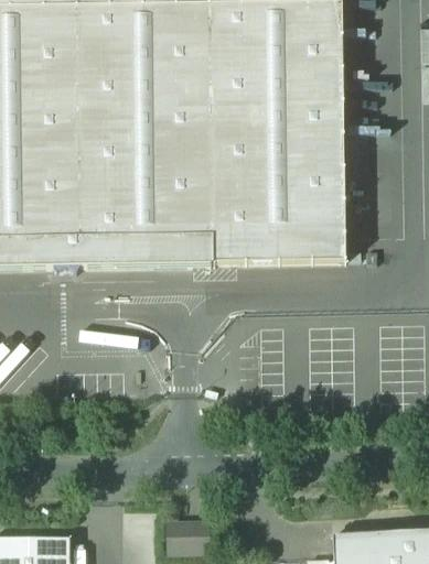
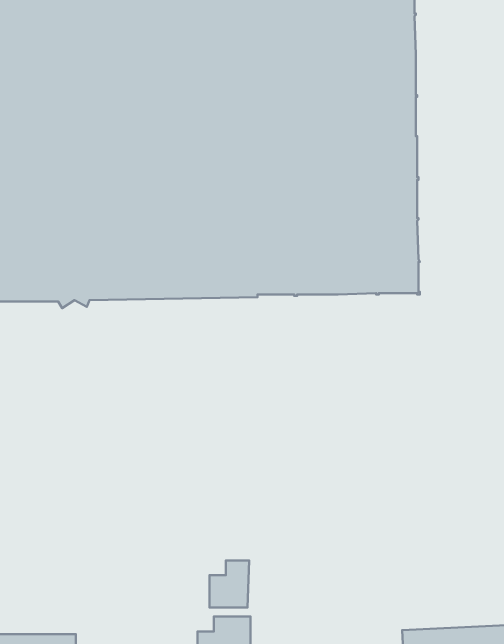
building: none -> [210,560,249,608]

